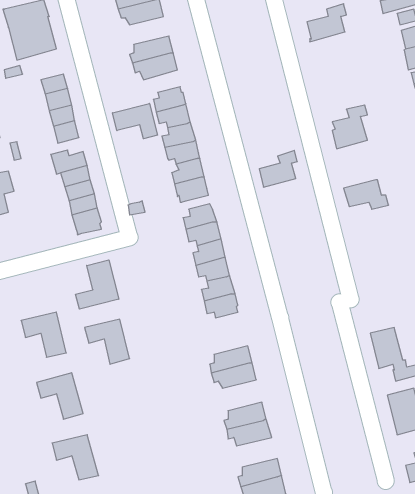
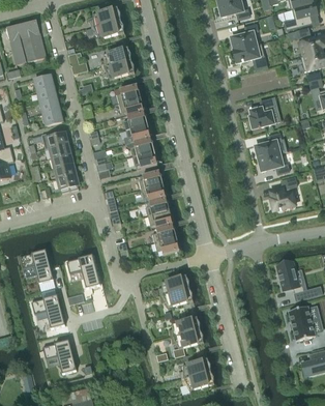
building: none -> [232,42,266,65]
building: [113,103,157,139] -> none
building: [259,150,297,187] -> [254,132,282,158]
building: none -> [269,176,297,212]
building: [76,260,119,309] -> none

